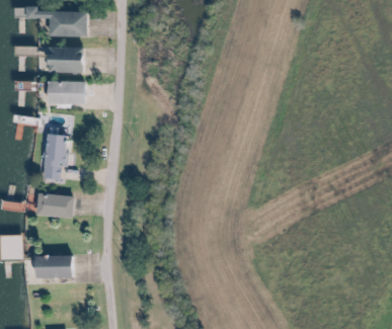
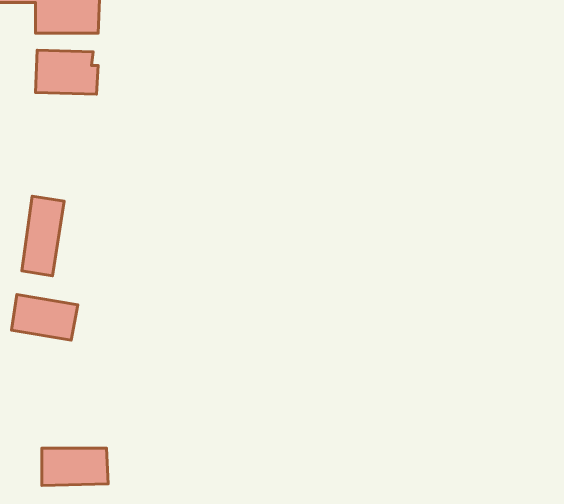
building: [48,82,85,105] -> none
building: [35,255,75,277] -> [42,448,108,485]

